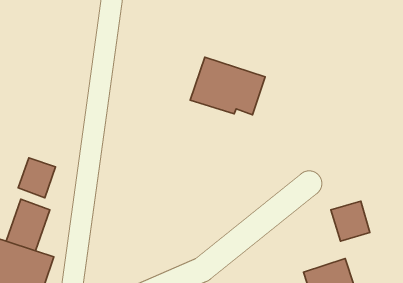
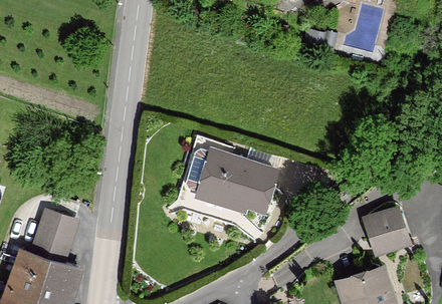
building: [190,57,265,115] -> [197,150,274,210]
building: [18,158,56,198] -> none

